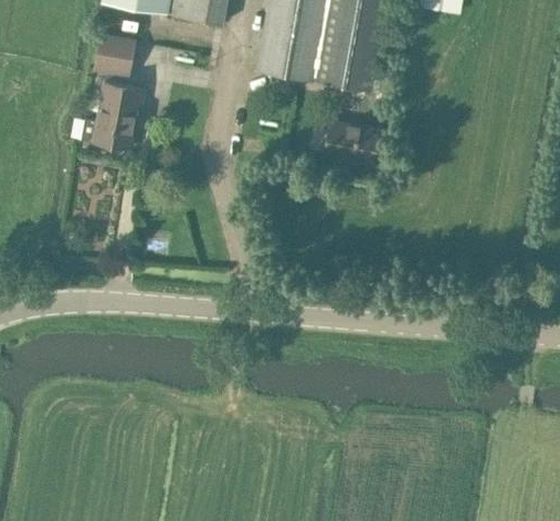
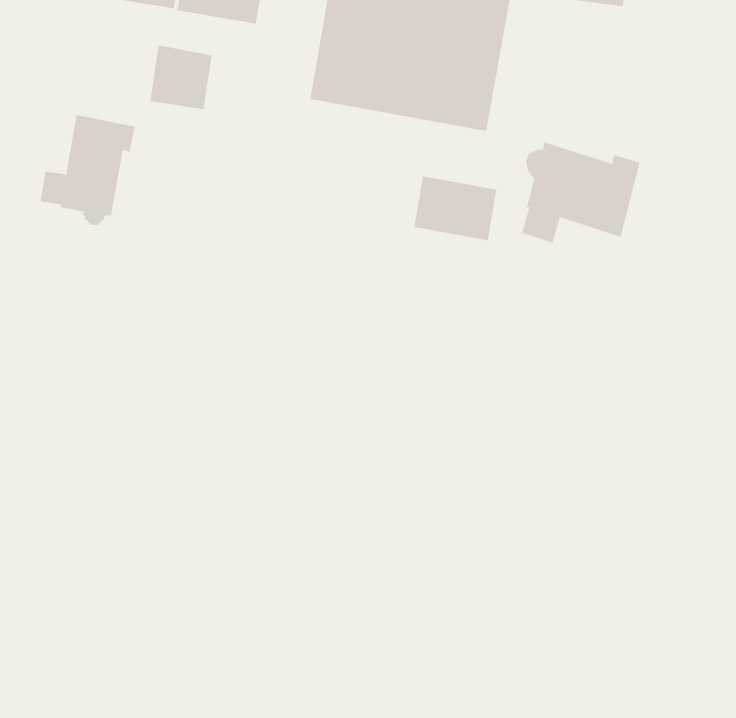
building: [94,33,135,75] -> [149,45,213,110]
building: none -> [522,142,640,244]

